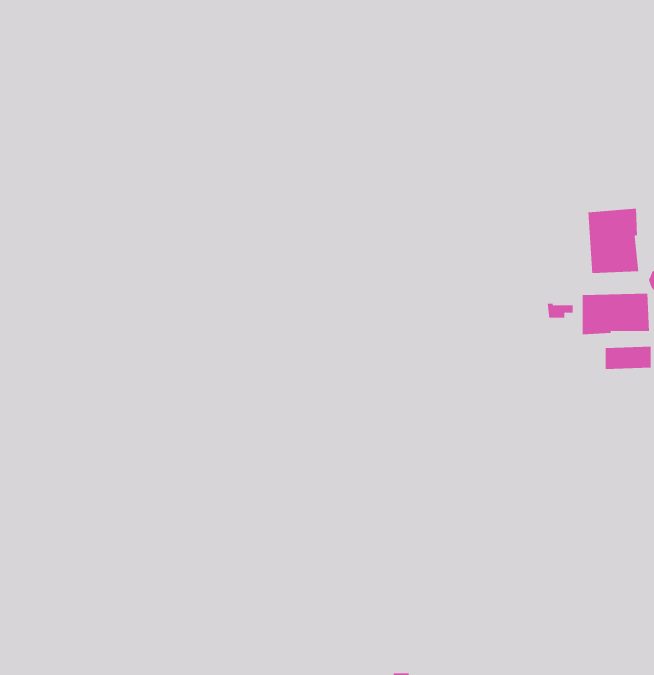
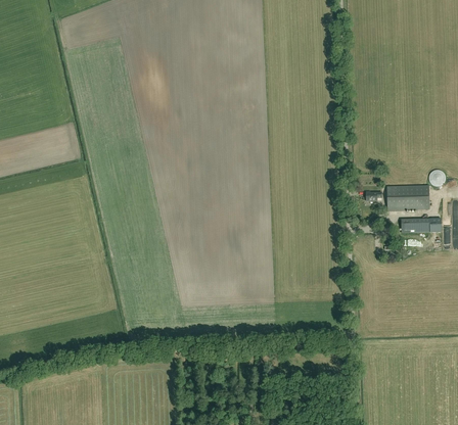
building: [588,208,639,274] -> none

